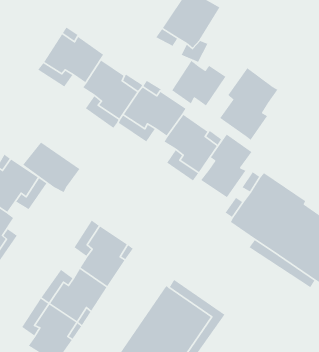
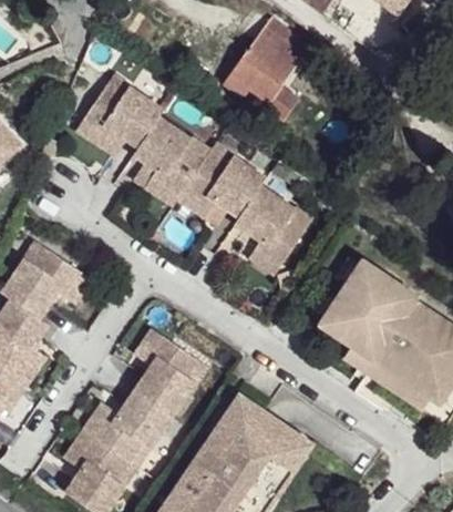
building: [171,60,227,106] -> none
building: [219,67,279,141] -> none
building: [200,134,252,198] -> none
building: [22,142,81,193] -> none

